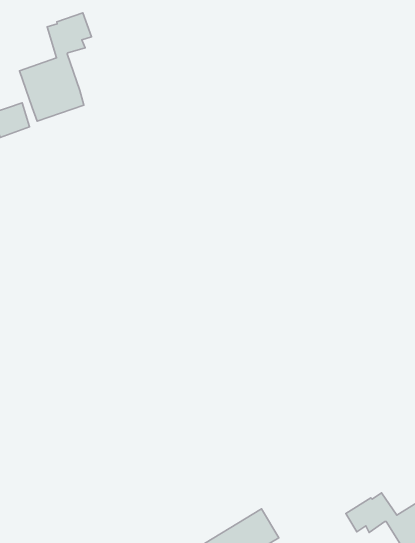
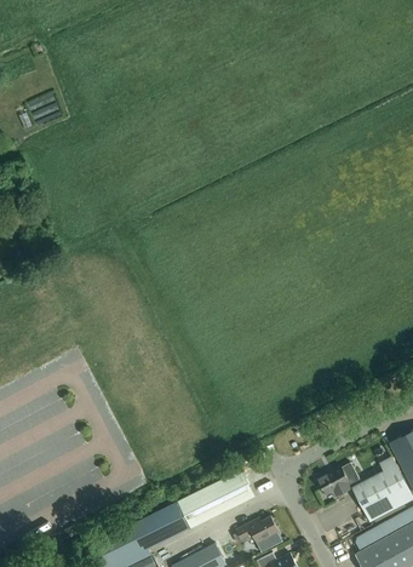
building: [19,13,92,121] -> none

